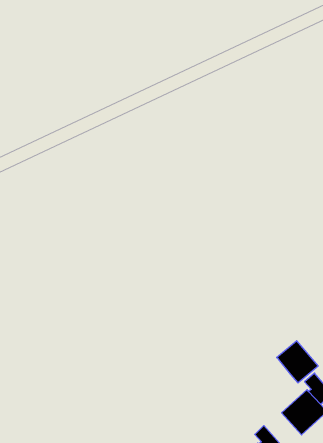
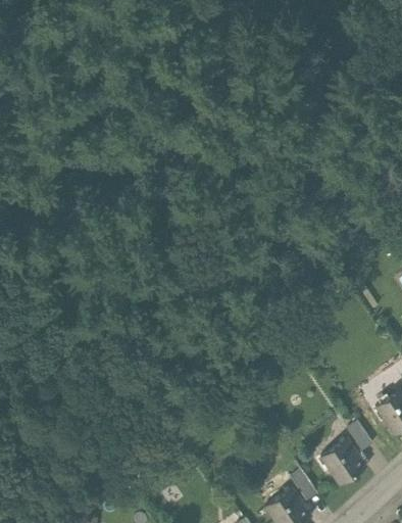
building: [277,341,318,383] -> none

